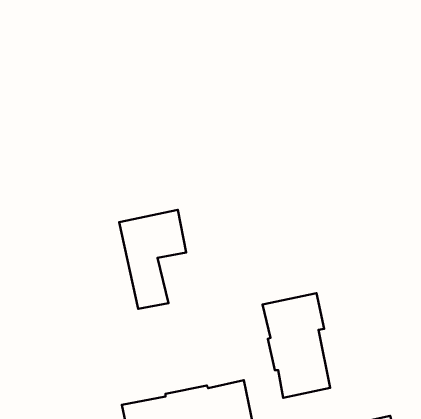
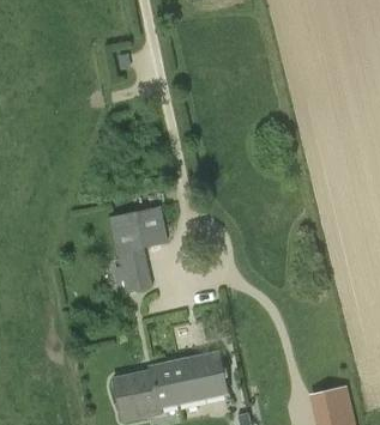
building: [262,293,330,398] -> none

